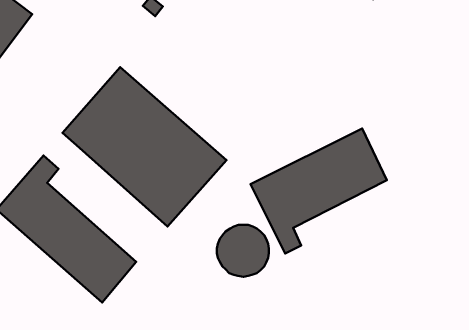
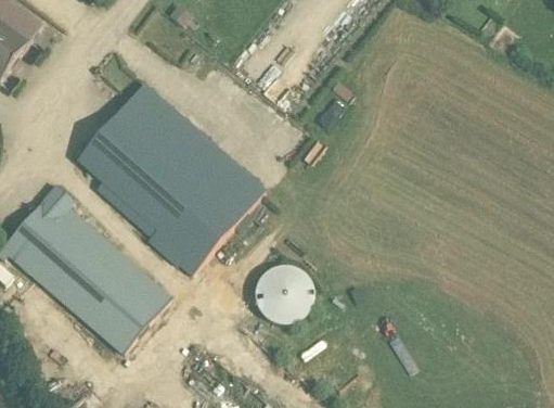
building: [250,128,387,254] -> none

